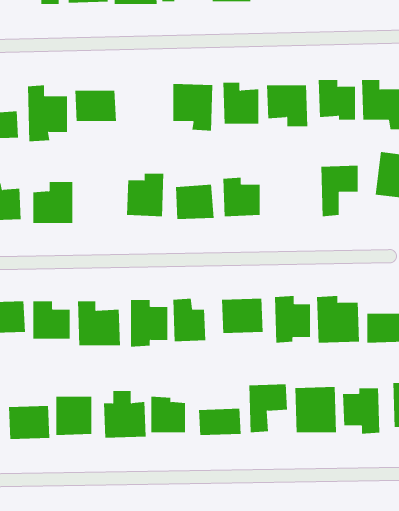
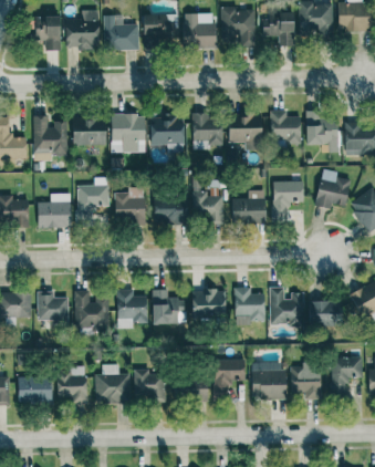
building: none -> [111,113,145,153]
building: none -> [77,177,108,221]
building: none -> [232,189,265,224]

